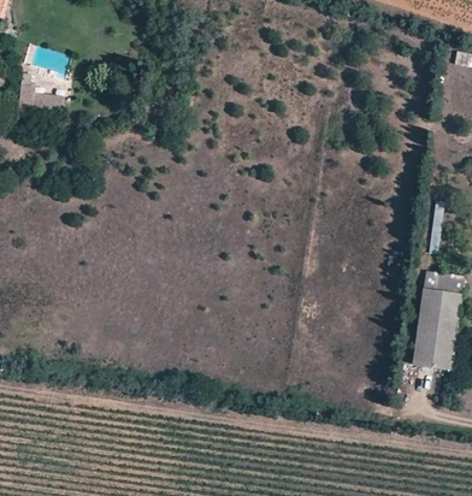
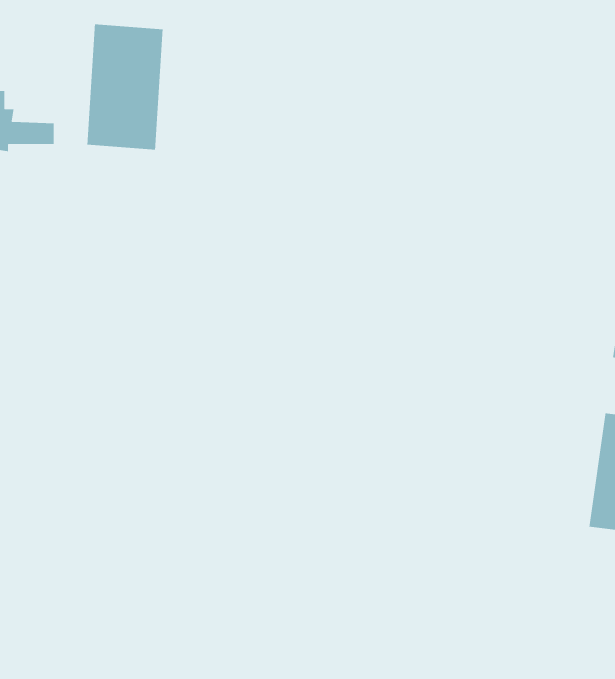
building: none -> [87,23,163,151]

